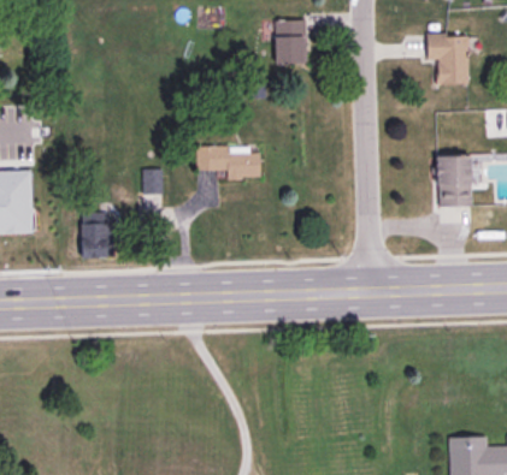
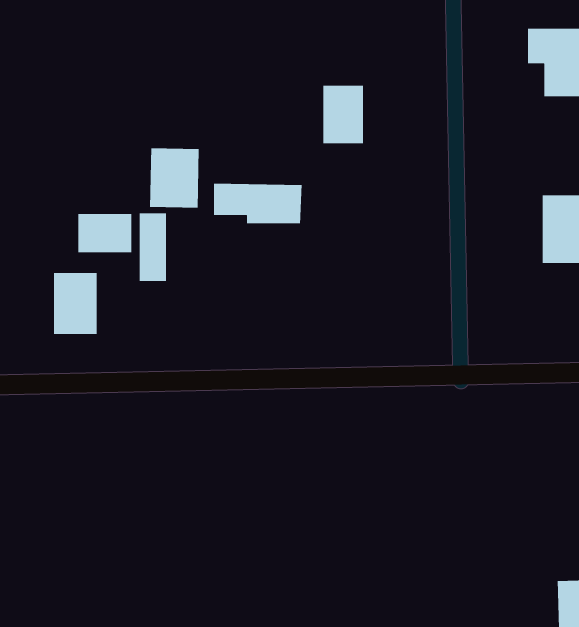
building: [276,19,306,63] -> [323,85,364,144]
building: none -> [149,148,199,209]
building: none -> [78,213,132,253]

